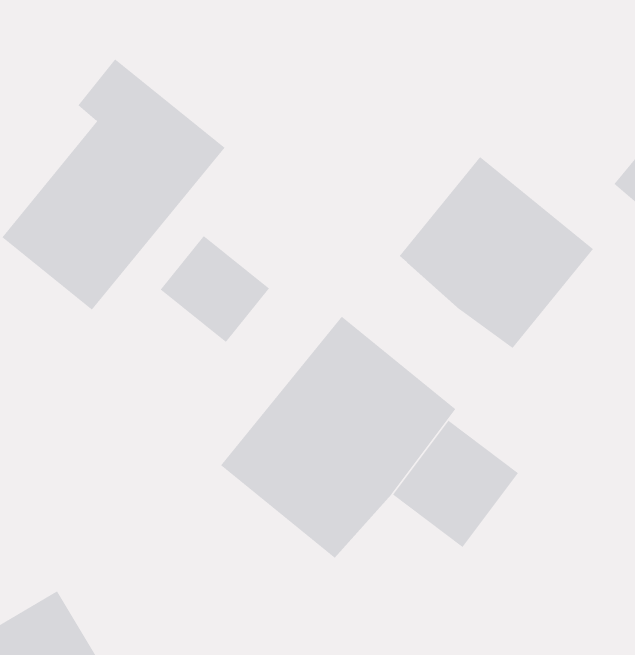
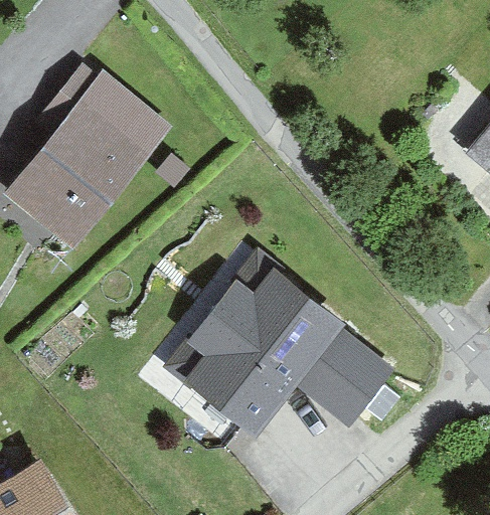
building: [399,156,594,349] -> none
building: [160,235,270,343] -> none

